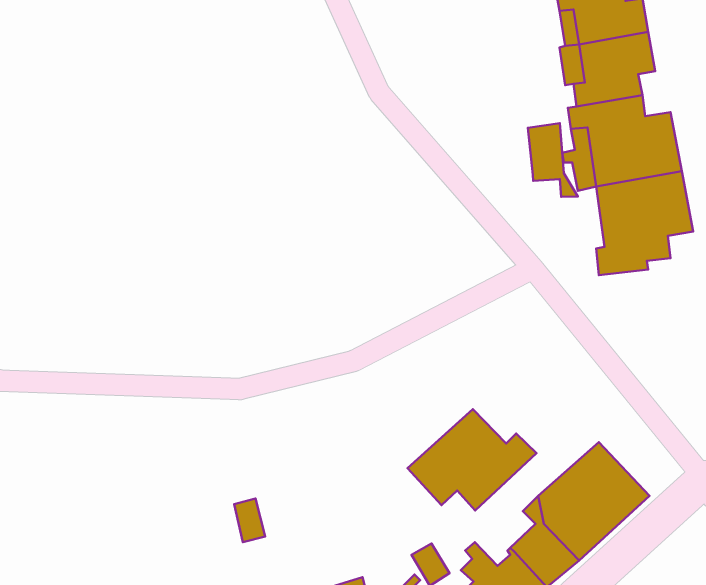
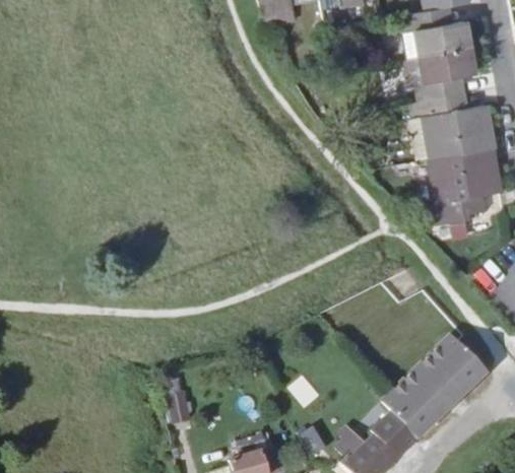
building: [528,123,578,197] -> none
building: [408,409,537,511] -> none
building: none -> [436,331,492,388]

